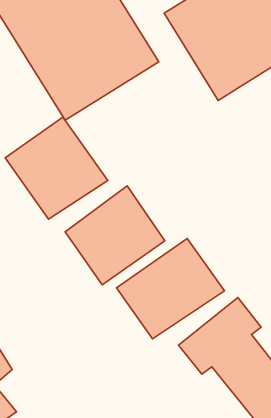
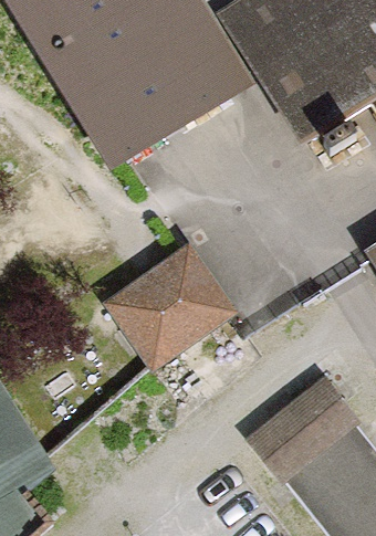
building: [5,117,108,219] -> none
building: [116,238,225,339] -> none

